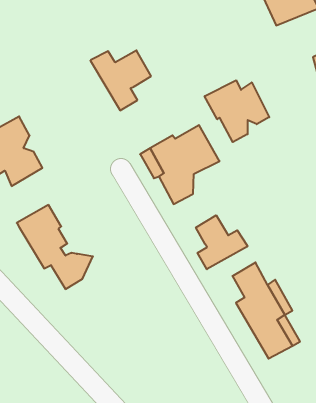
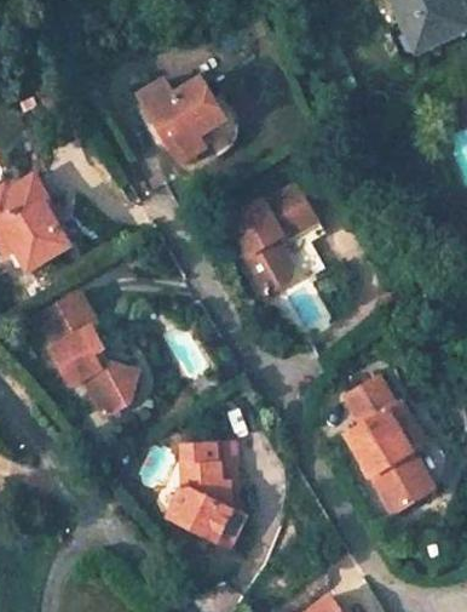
building: [205,80,269,142] -> none
building: [196,215,247,269] -> none
building: none -> [162,441,244,553]

